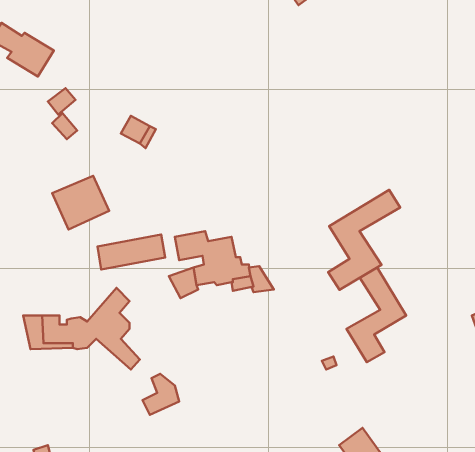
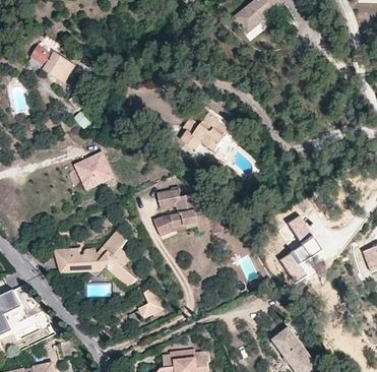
building: none -> [179,112,228,150]
building: [328,190,400,290] -> none
building: [97,235,165,269] -> none

